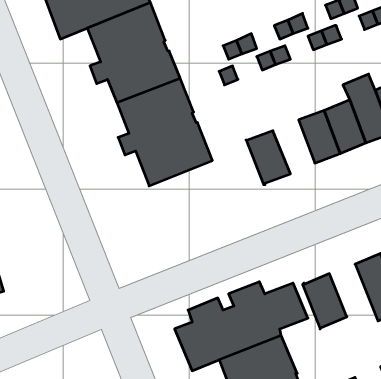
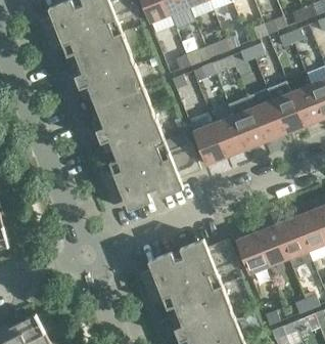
building: none -> [213,116,244,157]
building: none -> [98,142,200,209]
building: none -> [256,225,288,265]

